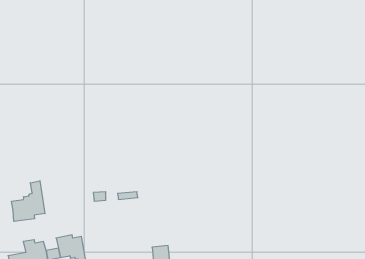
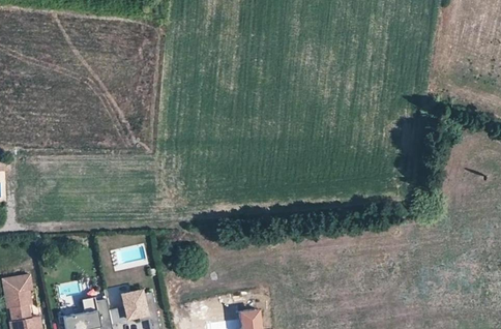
building: [12,181,45,221] -> none

